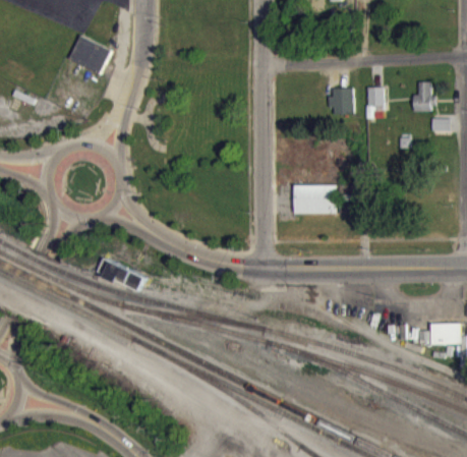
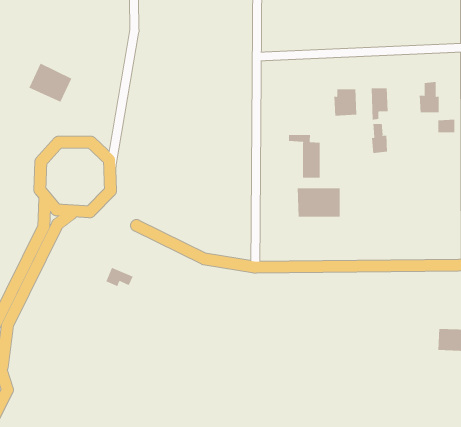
building: [67,34,110,72] -> [29,63,72,103]
building: none -> [371,123,388,154]
building: none -> [288,134,320,179]

